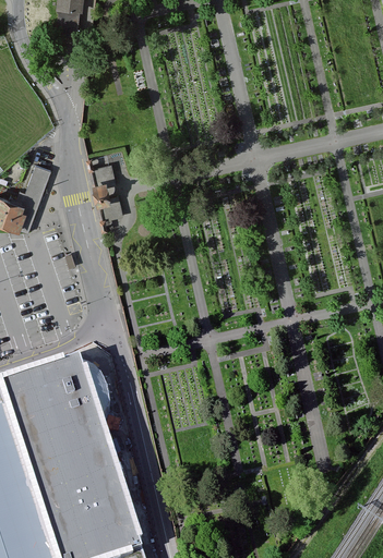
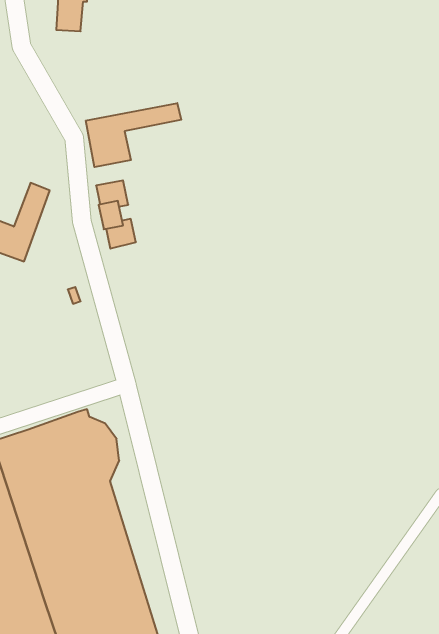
building: none -> [86,103,181,167]

